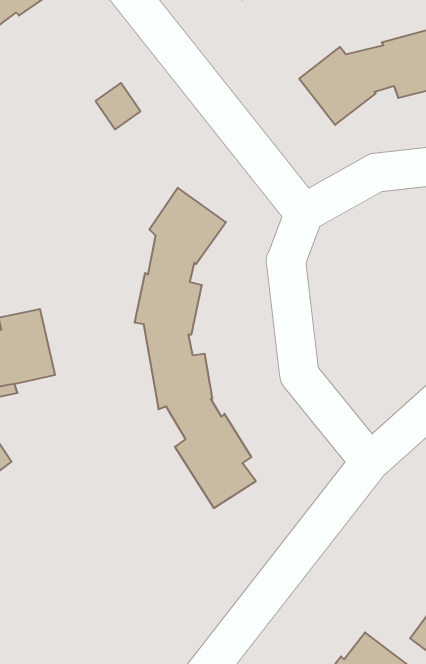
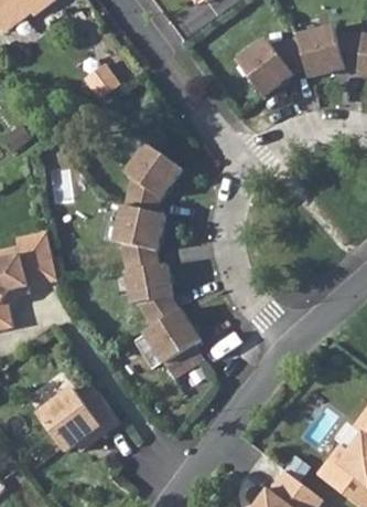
building: none -> [36,387,119,452]

